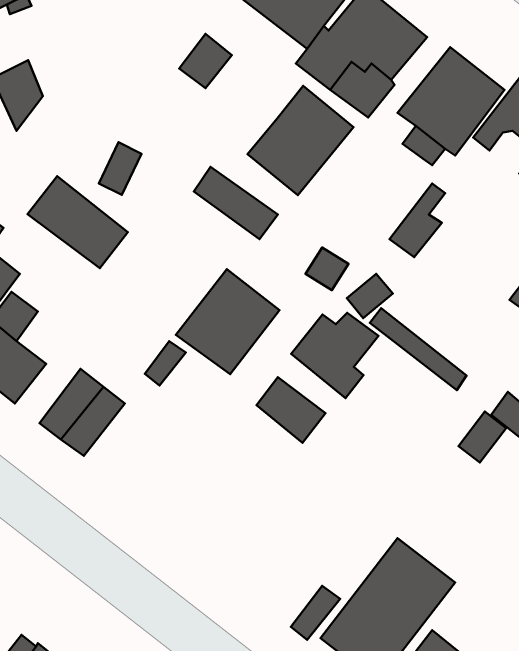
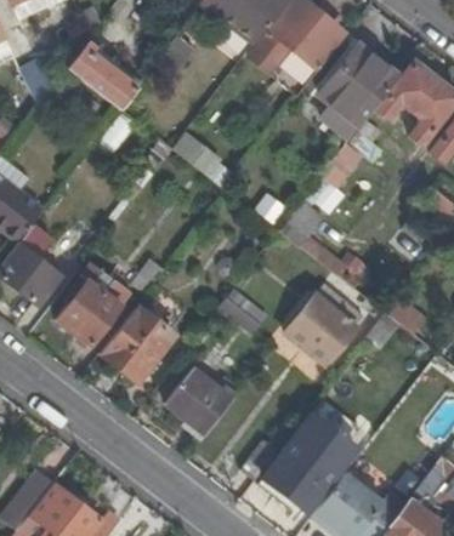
building: [247,86,354,195] -> none
building: [28,176,128,268] -> [67,40,141,108]
building: [176,269,279,374] -> [98,304,175,382]
building: [291,313,378,398] -> [293,292,357,355]
building: none -> [165,369,233,434]

